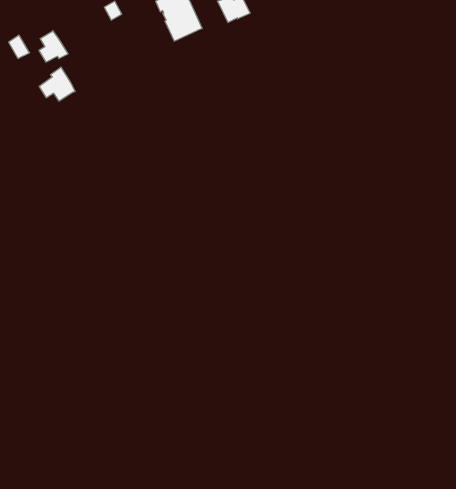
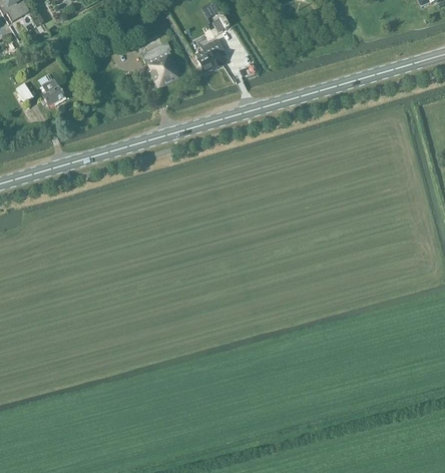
building: [39,67,75,101] -> none

